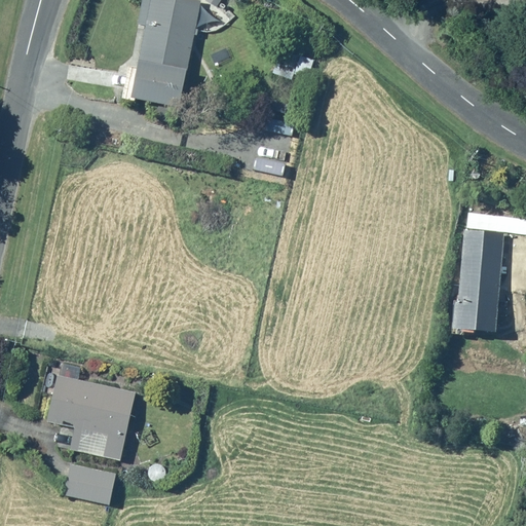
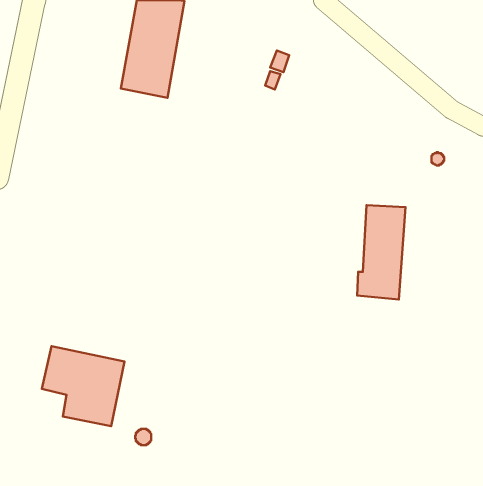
building: [451,229,503,331] -> [357,205,406,299]
building: [62,464,119,506] -> none

